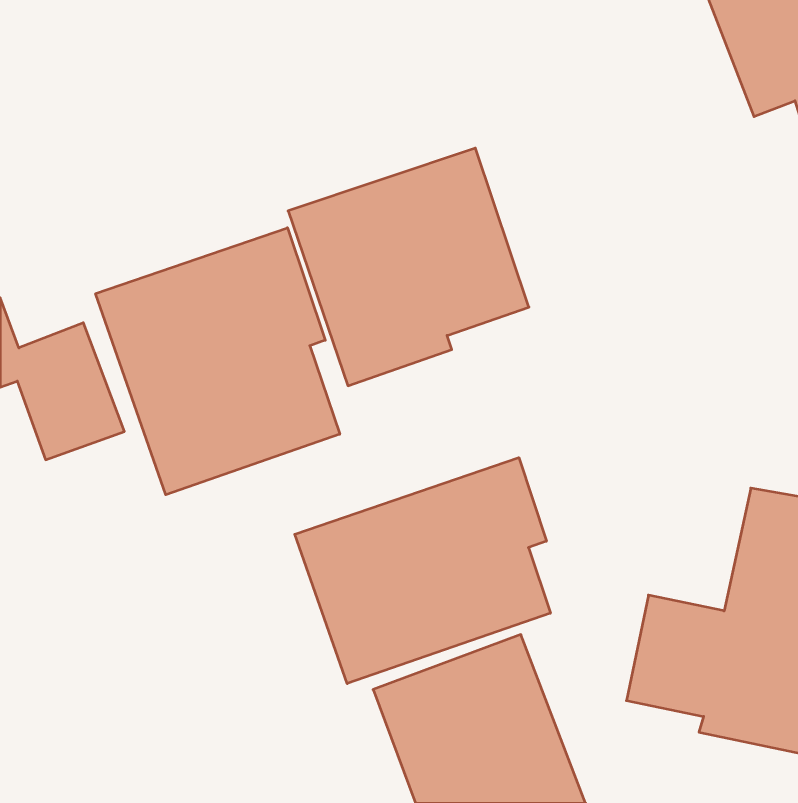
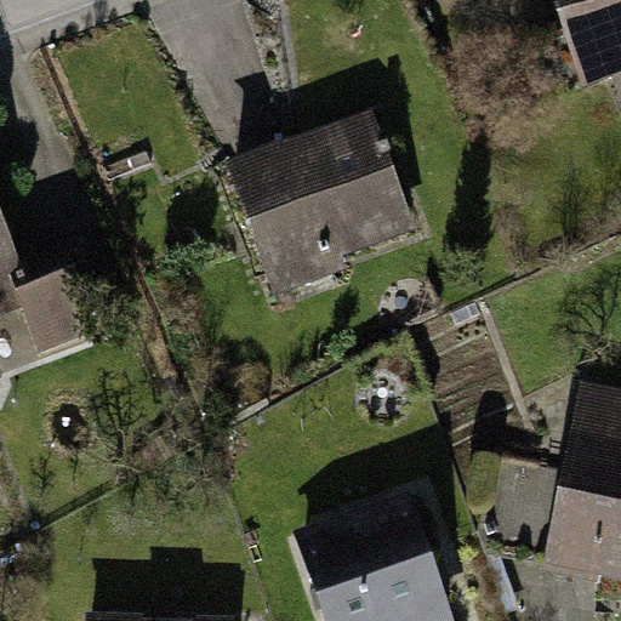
building: [96,228,340,495] -> none
building: [295,458,550,684] -> none

